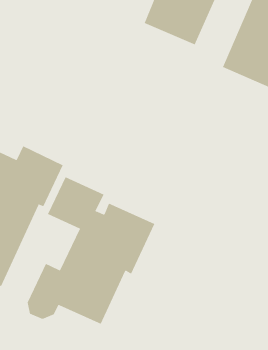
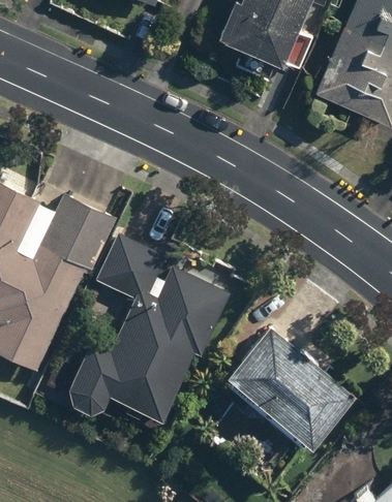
building: none -> [225,324,355,447]

